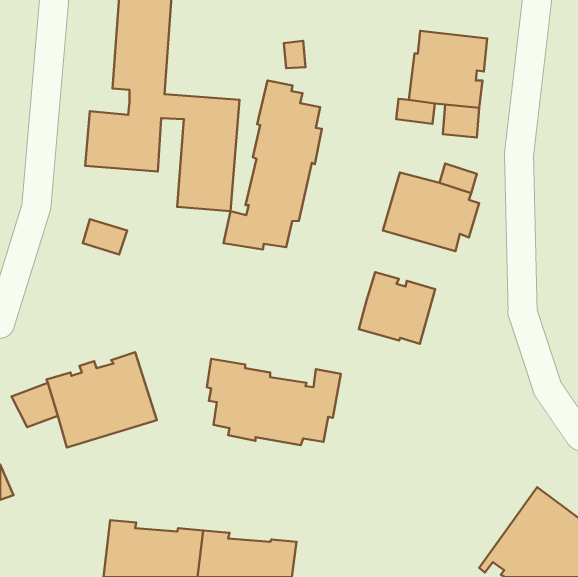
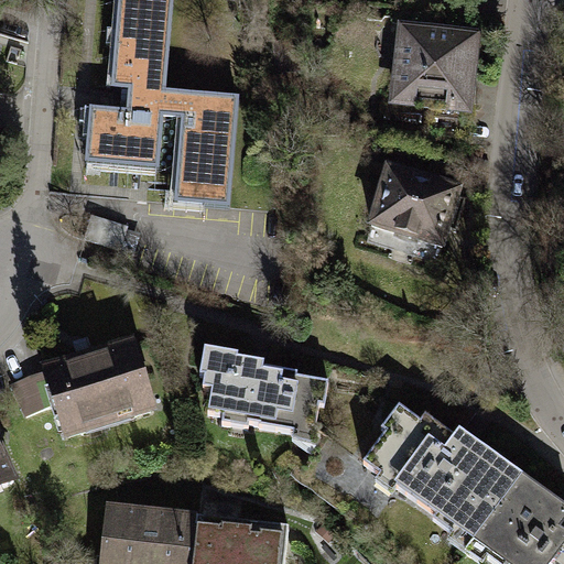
building: [223,81,322,250] -> none
building: [359,272,435,344] -> none
building: none -> [367,405,523,551]

